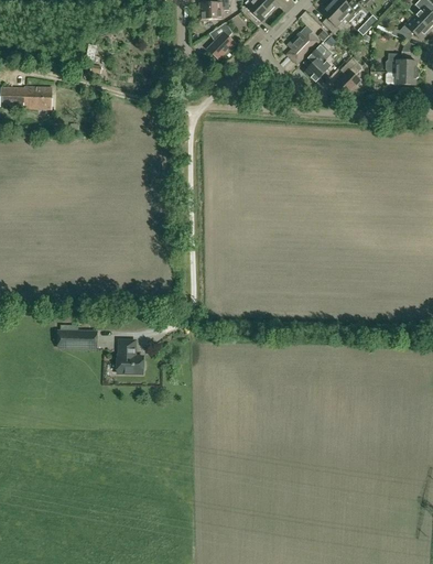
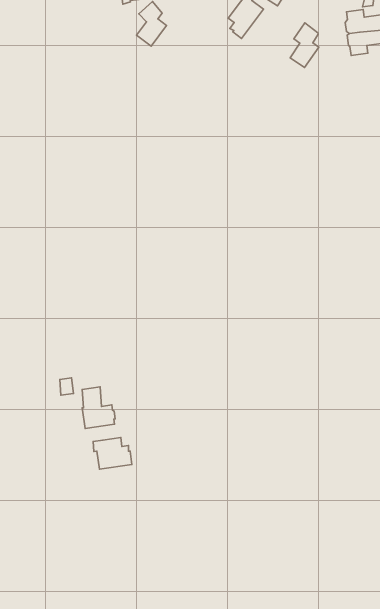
building: [305,43,331,82] -> none
building: [58,330,96,347] -> none
building: none -> [93,438,132,469]

